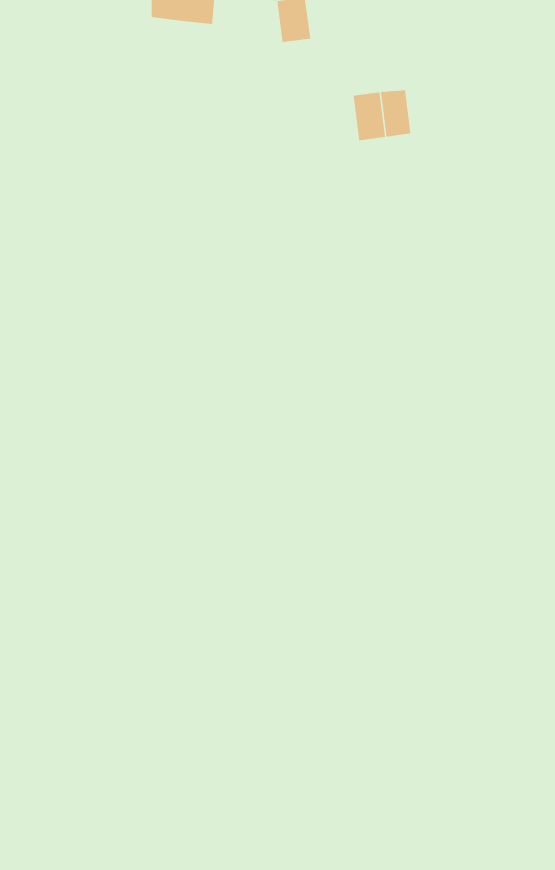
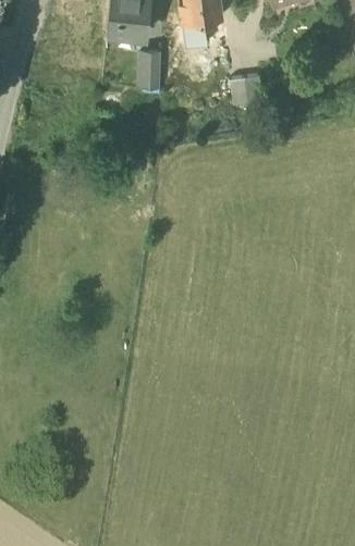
building: none -> [139,54,160,87]

